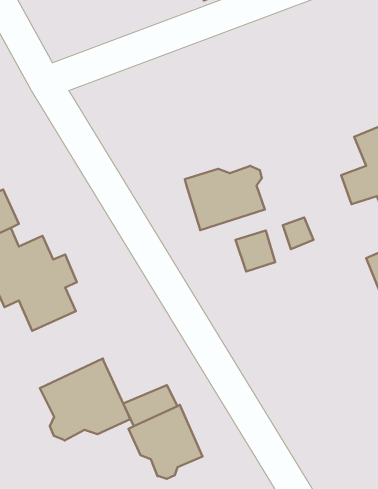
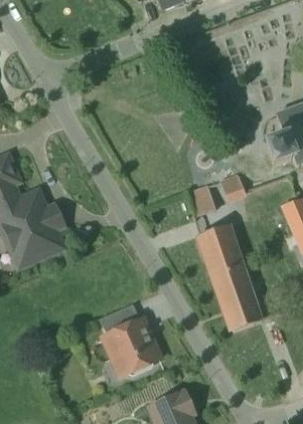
building: [185,166,265,230] -> none
building: none -> [198,224,259,330]
building: [40,358,130,440] -> none

